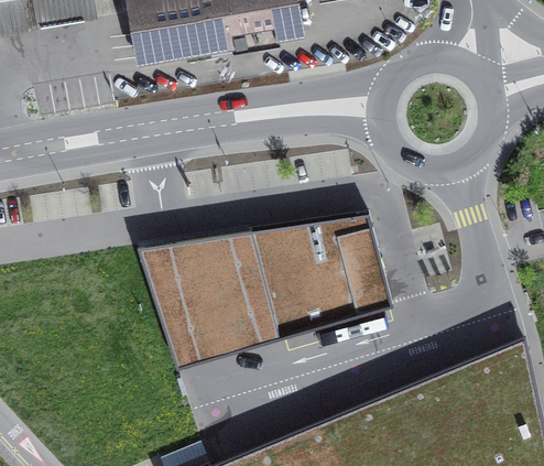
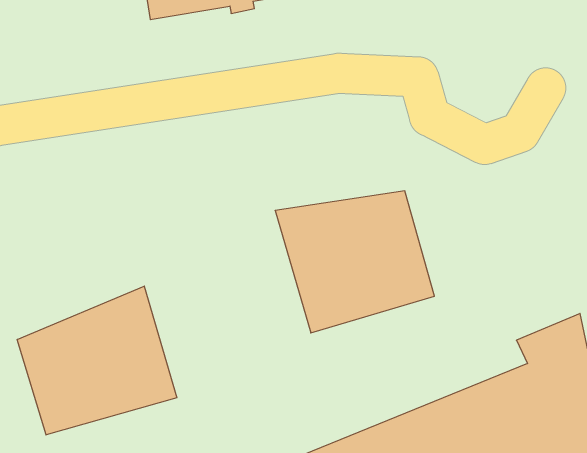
building: [137,231,280,372] -> none
building: none -> [17,286,177,435]

